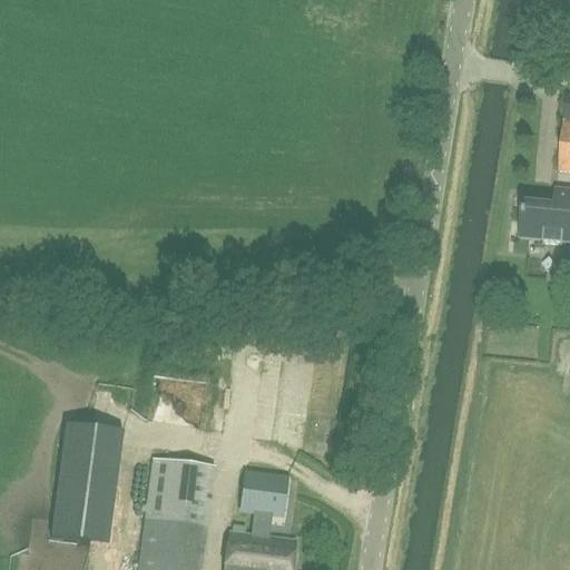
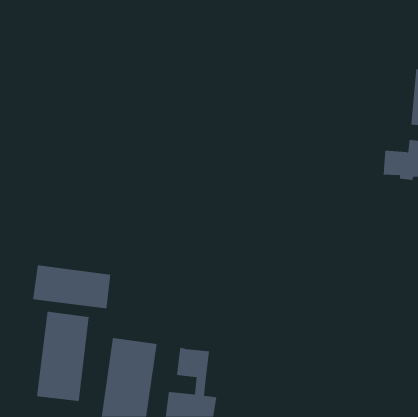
building: none -> [33,264,111,309]

